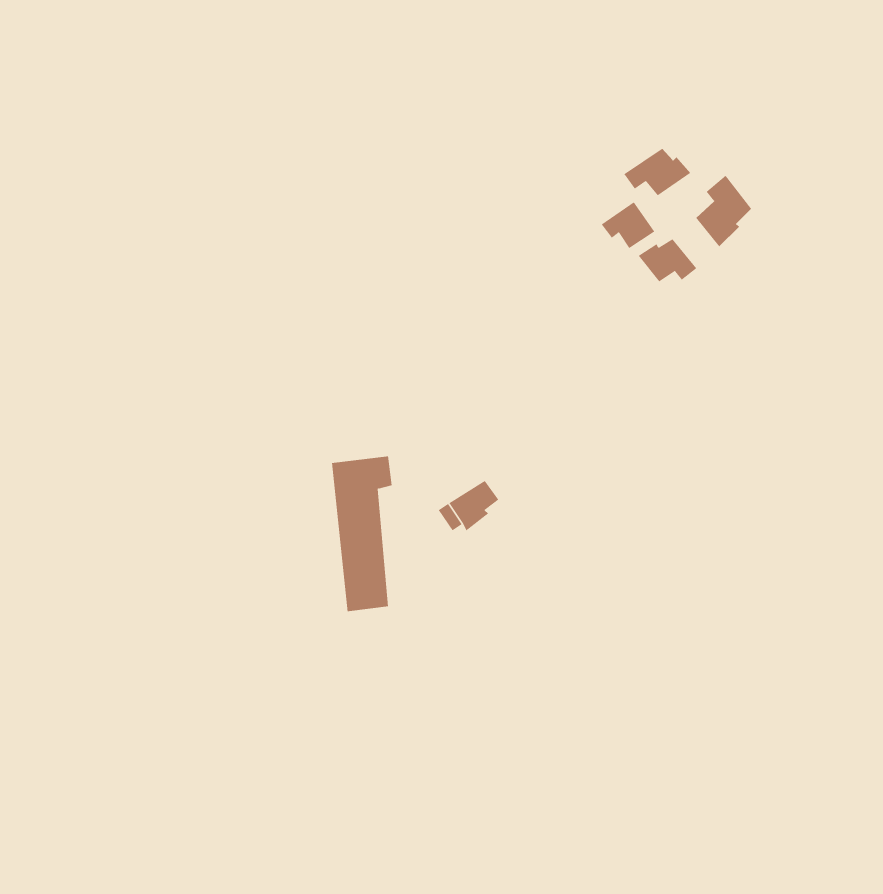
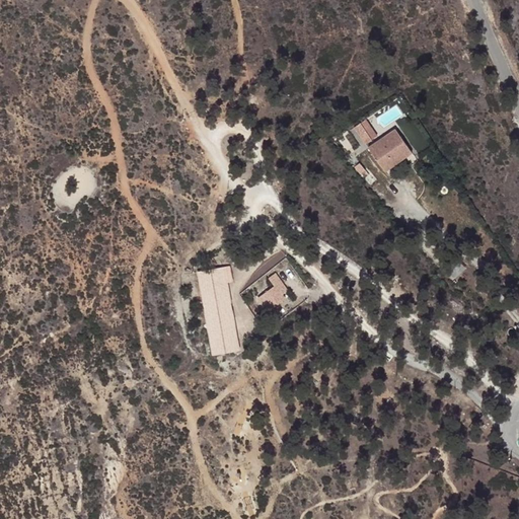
building: [624,148,691,196] -> none
building: [696,175,752,247] -> none

